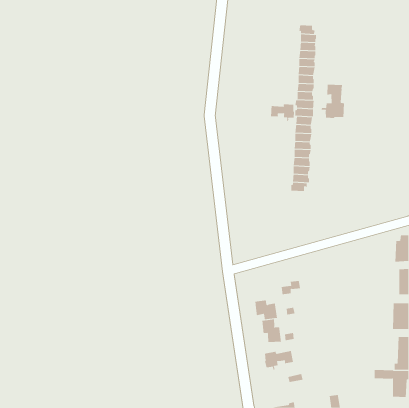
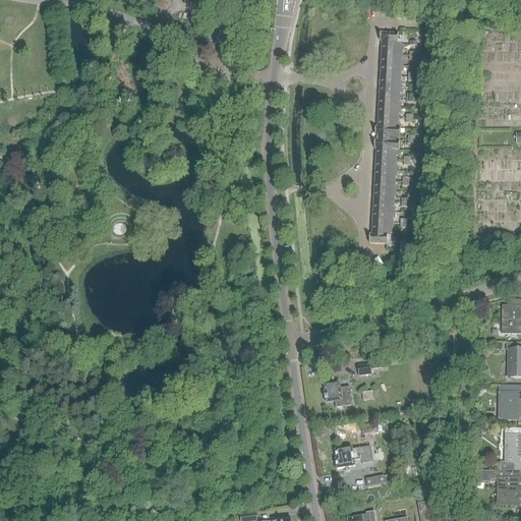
building: [321,84,344,119] -> none
building: [271,104,295,122] -> none
building: [262,319,281,343] -> none

